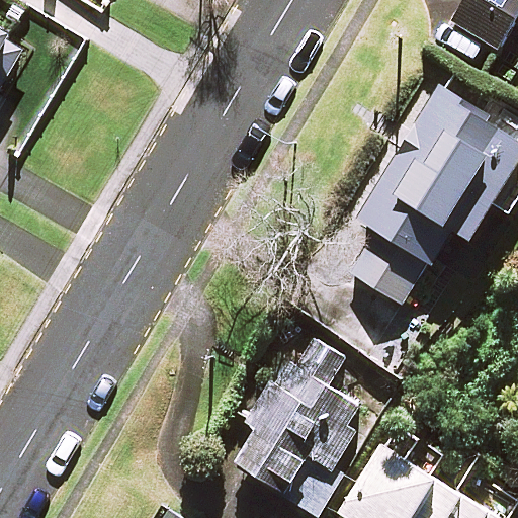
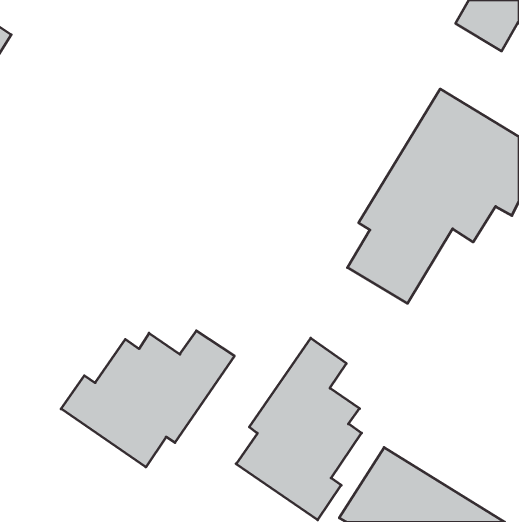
building: none -> [61,331,234,467]

